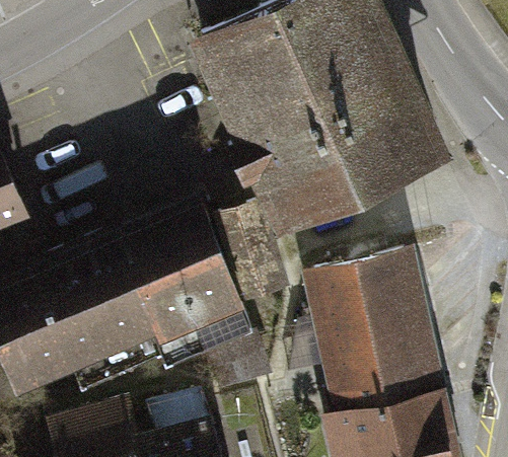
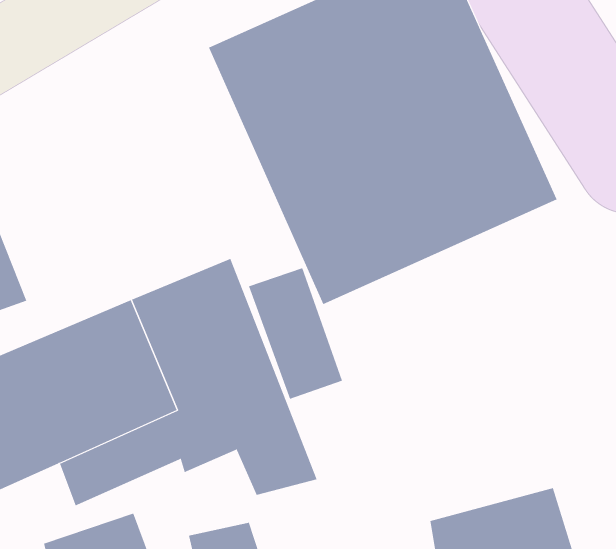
building: [312,250,439,406] -> none

